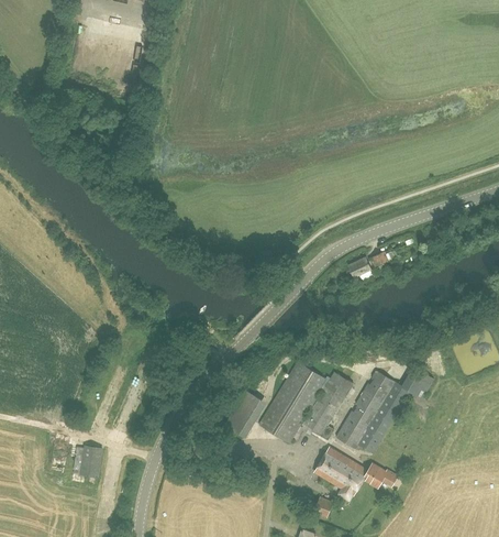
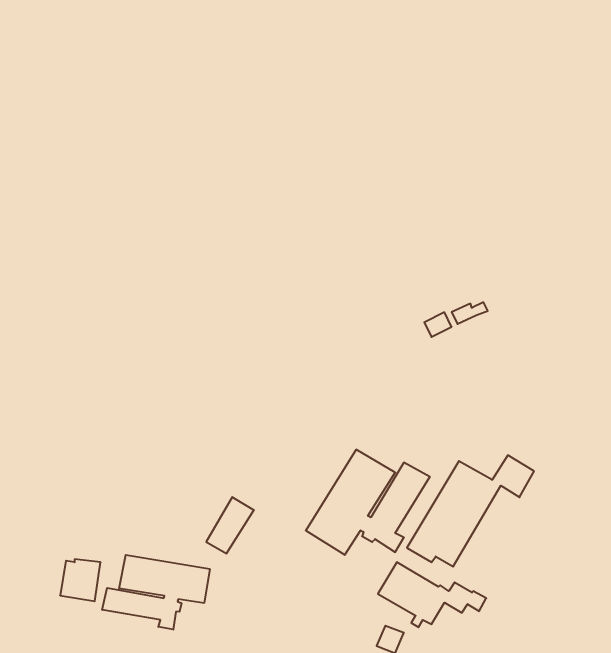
building: [225,391,262,434] -> [206,497,254,553]
building: none -> [102,555,210,630]

